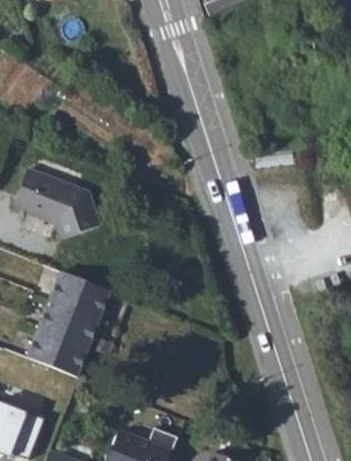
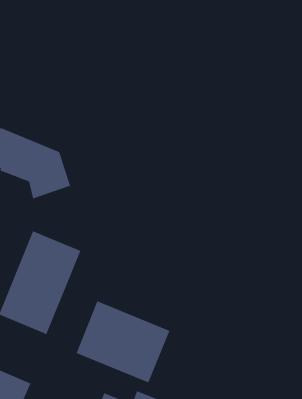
building: none -> [75,300,170,384]

